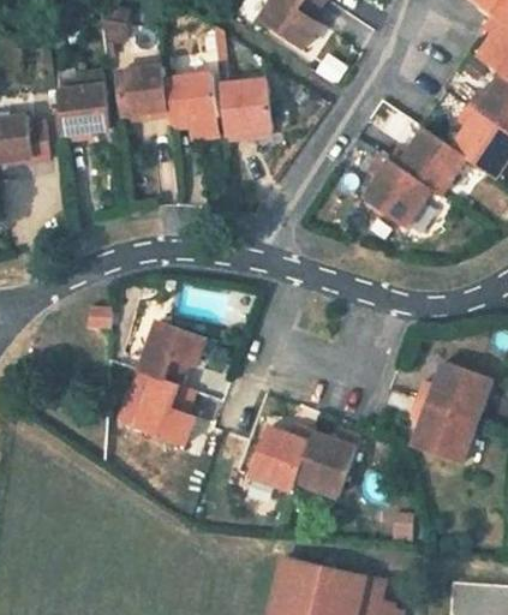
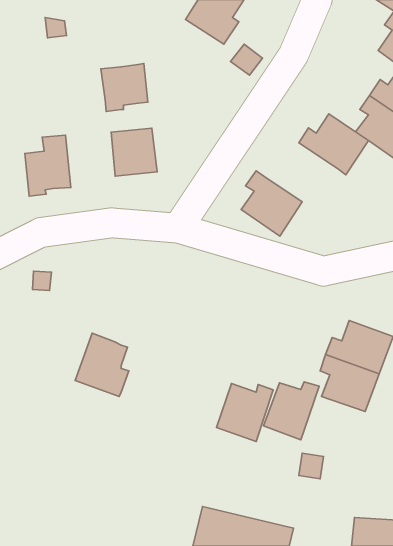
building: [116,65,169,115] -> none
building: [56,70,108,138] -> [25,135,71,196]
building: [221,80,273,135] -> [111,128,157,176]
building: [361,155,430,228] -> [241,171,302,236]
building: [139,321,207,384] -> none
building: [249,426,311,491] -> [263,382,319,440]

